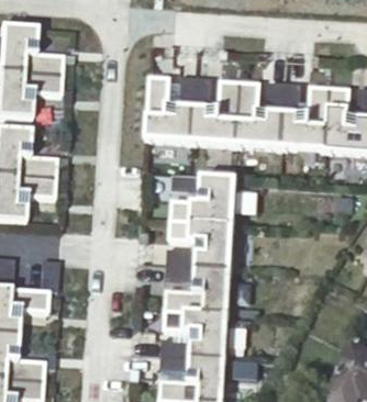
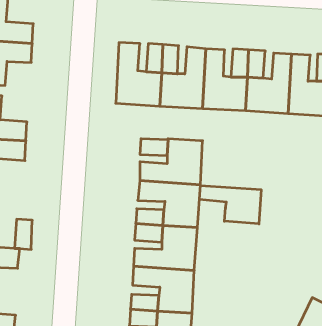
building: none -> [199,185,261,224]

